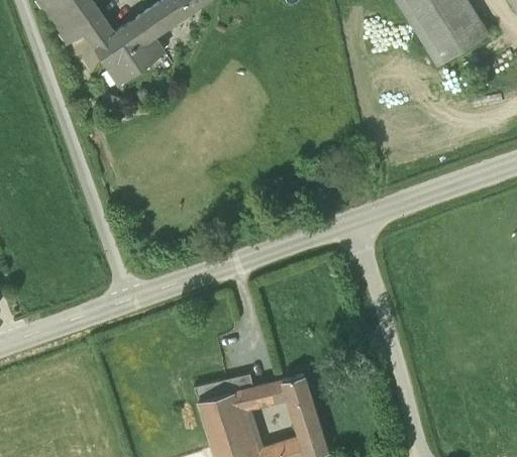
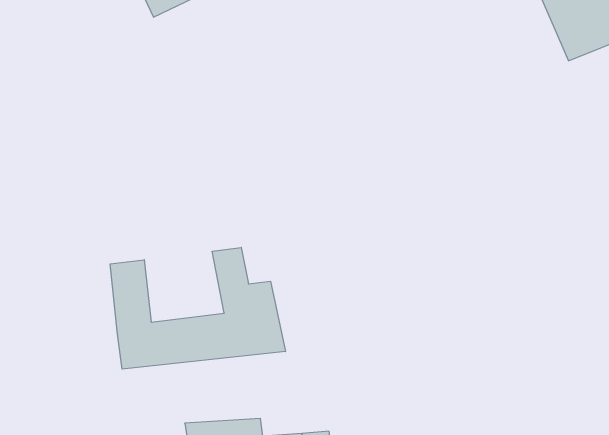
building: none -> [110,247,285,369]

